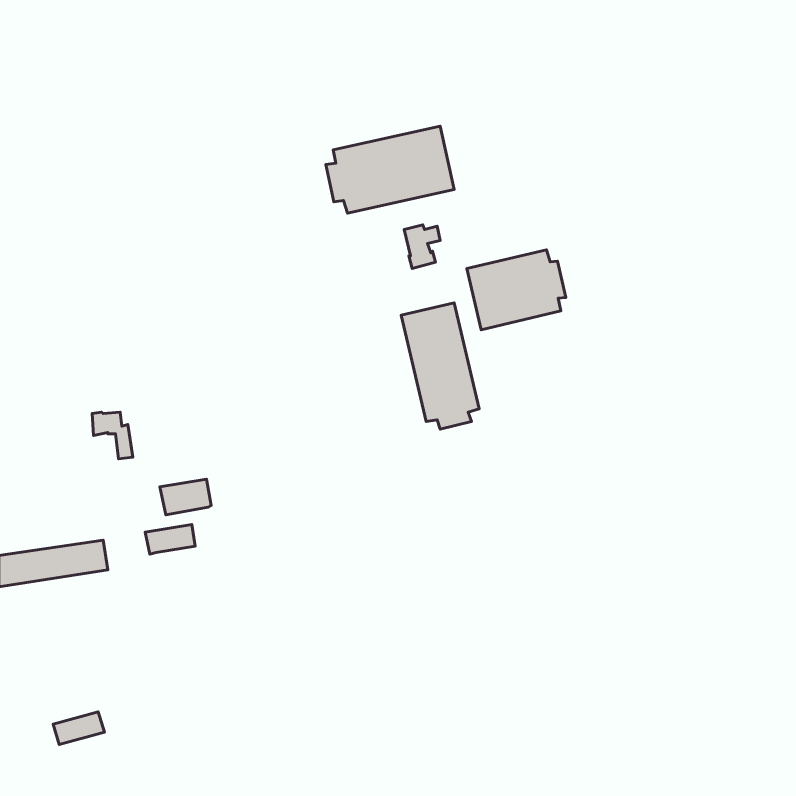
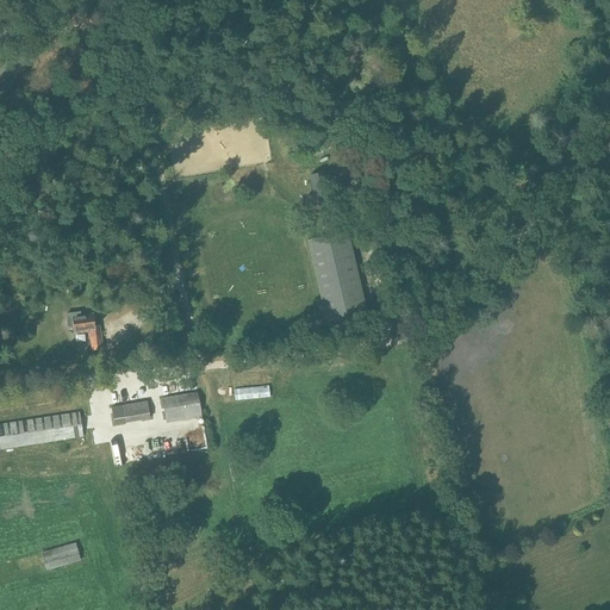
building: [326,126,454,213] -> none
building: [467,250,566,330] -> none
building: [160,479,211,515] -> [161,392,200,419]

